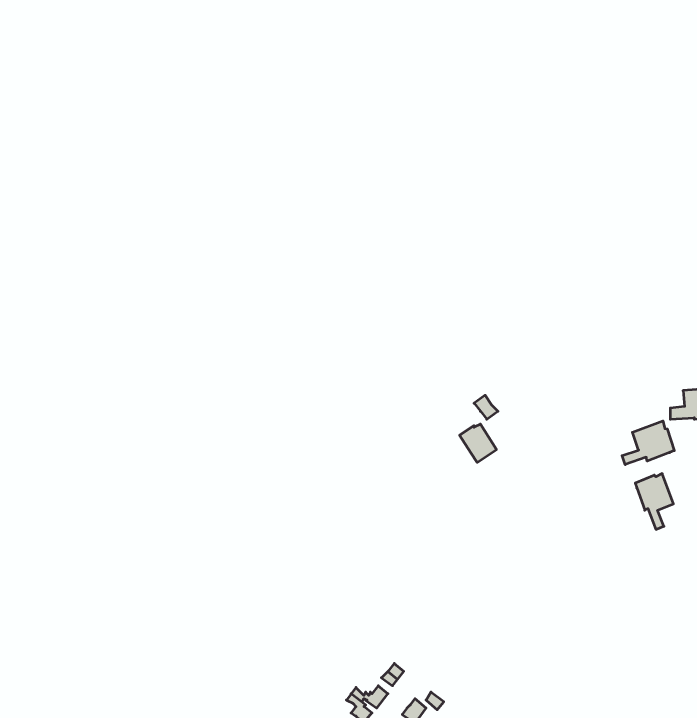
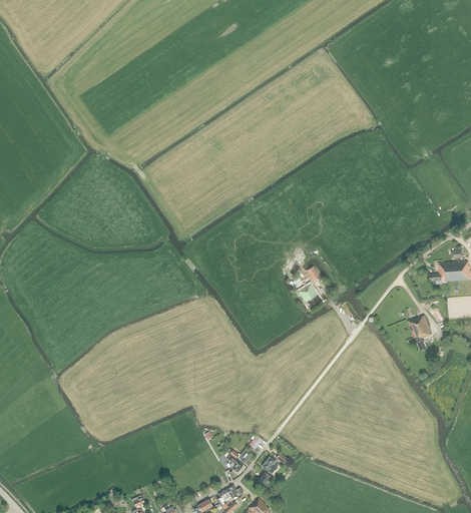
building: [622,421,674,465] -> none

